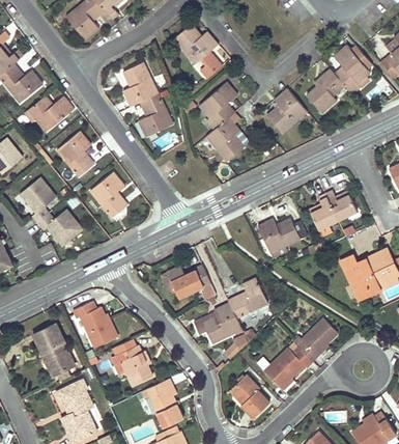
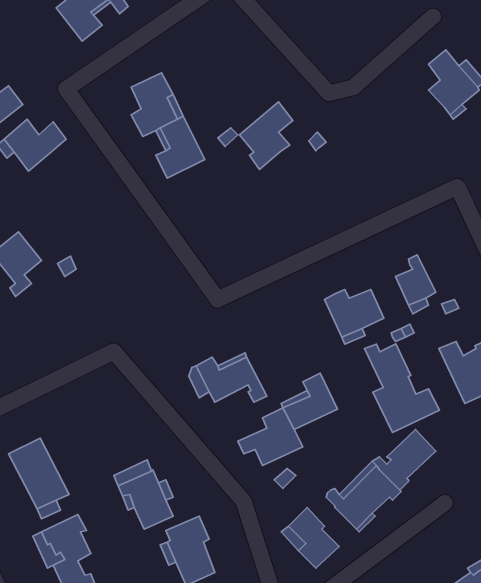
building: [173,25,221,78] -> none
building: [307,68,345,113] -> none
building: [267,88,307,132] -> none
building: [205,113,243,162] -> none
building: [57,131,94,175] -> none
building: [91,172,127,217] -> none
building: [325,189,359,219] -> none
building: [37,209,83,245] -> none
building: none -> [365,344,439,433]
building: [69,299,115,348] -> none

